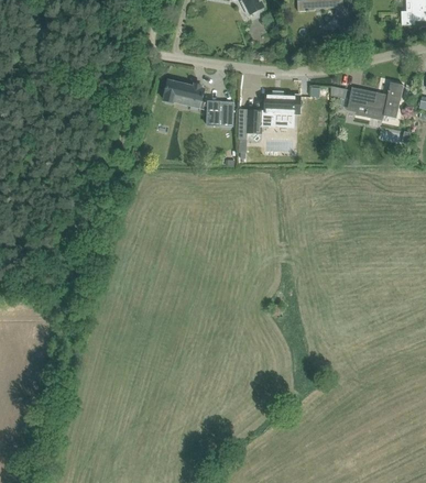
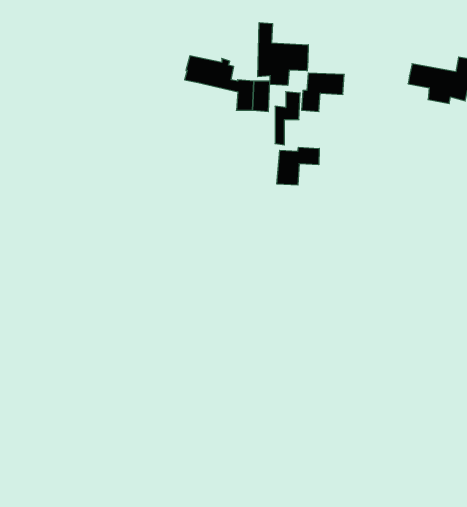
building: none -> [258,23,308,85]
building: none -> [277,147,319,185]

